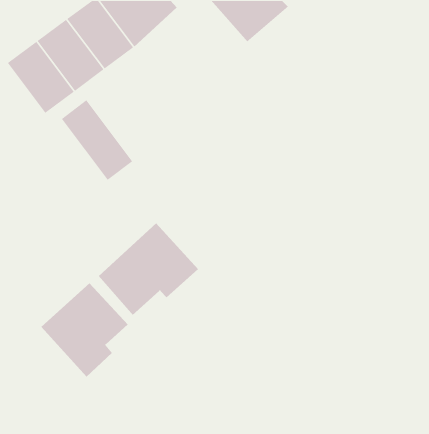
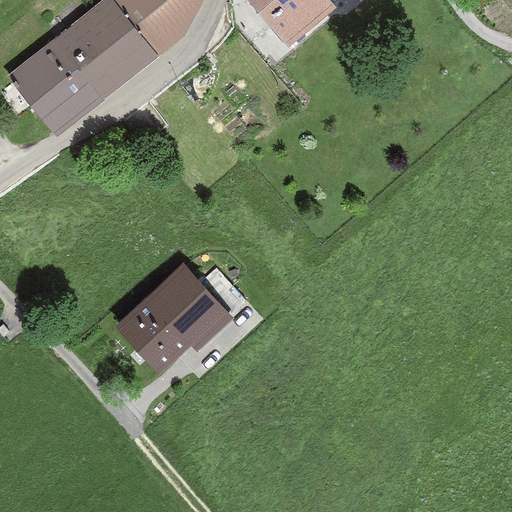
building: [61,99,133,181] -> none
building: [40,283,129,377] -> none

